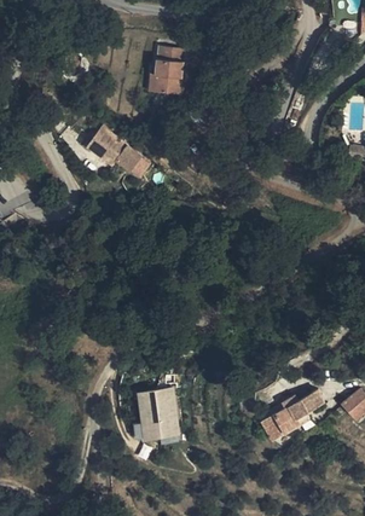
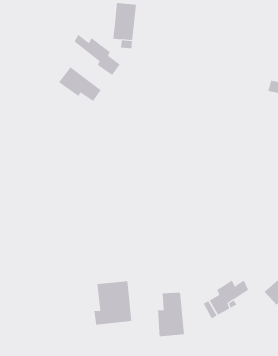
building: none -> [74,34,121,76]
building: none -> [157,292,185,337]

